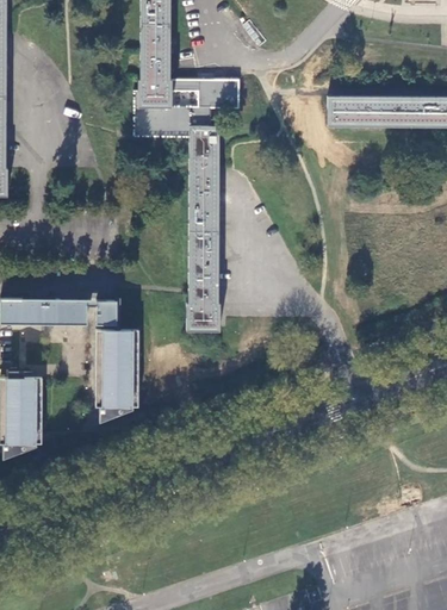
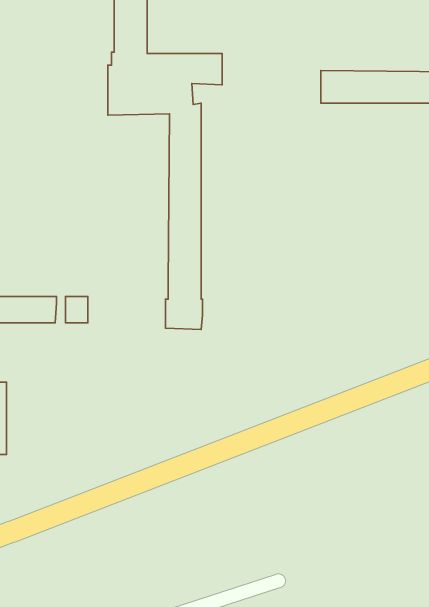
building: [97,328,139,421] -> none

